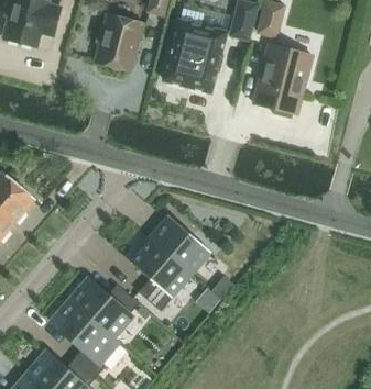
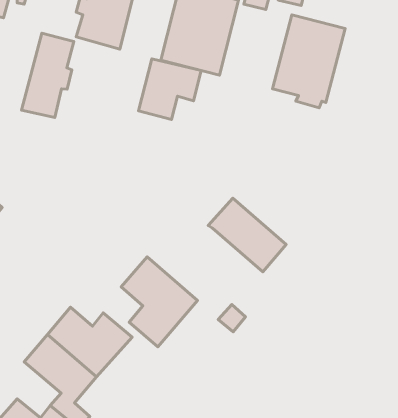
building: none -> [22,33,74,118]
building: none -> [138,59,201,120]
building: [149,213,211,273] -> [208,198,286,272]

